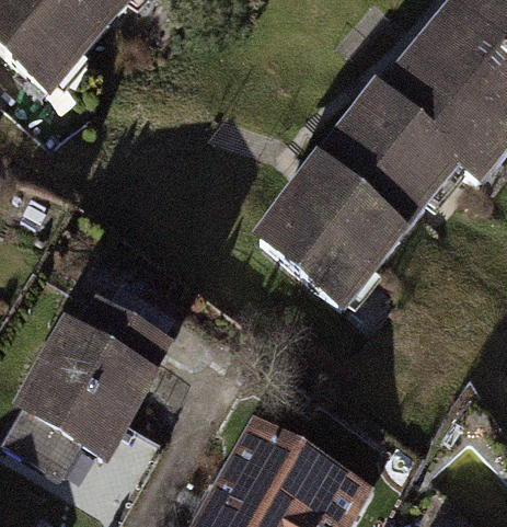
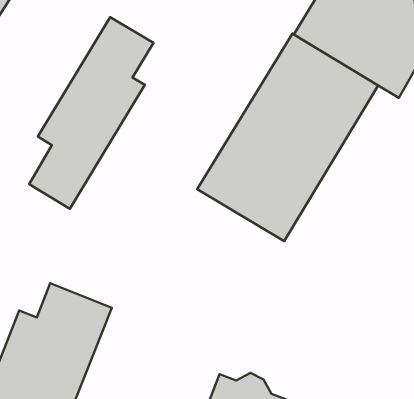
building: none -> [29,17,153,209]

